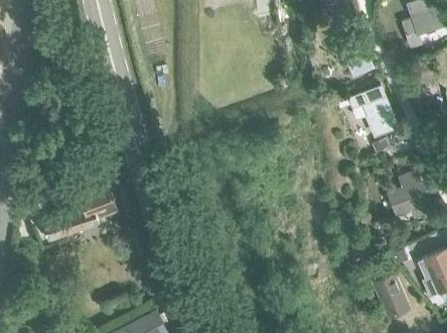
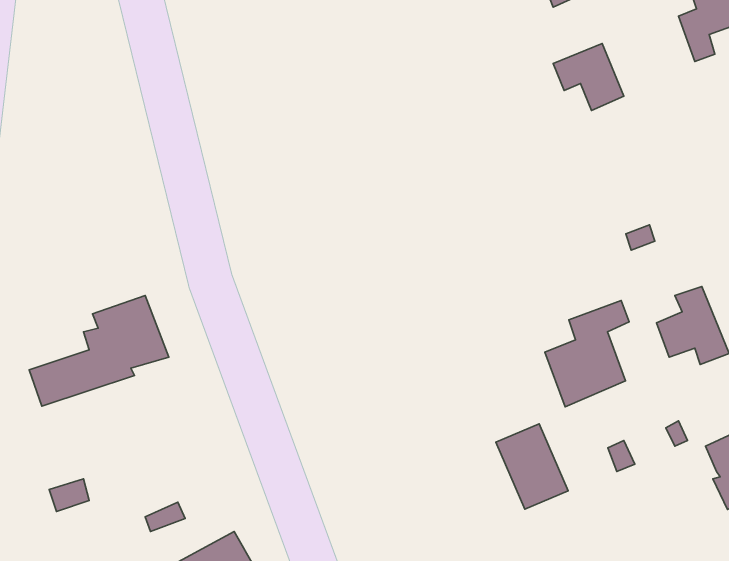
building: [346,86,396,136] -> none
building: none -> [545,300,629,407]
building: [369,271,410,319] -> [496,424,568,509]

